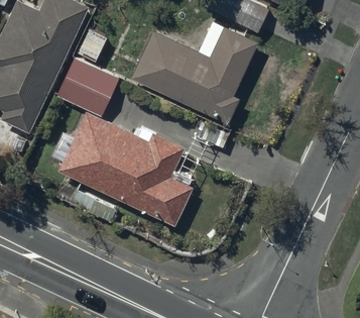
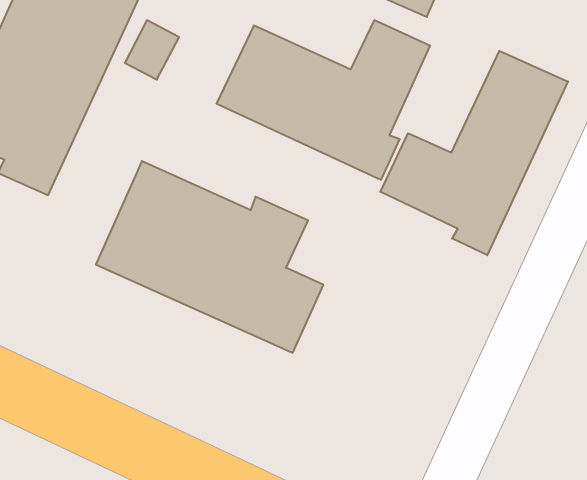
building: none -> [380,51,568,255]
building: [57,59,118,115] -> none

